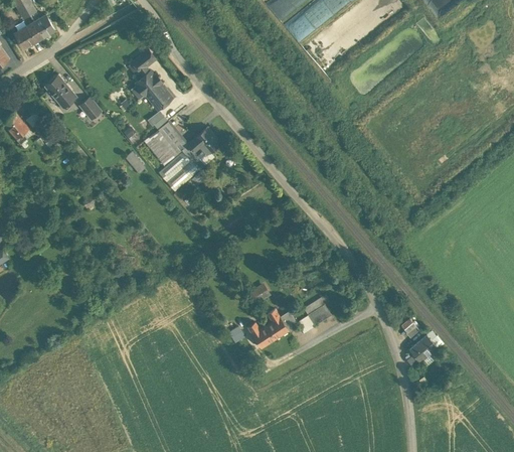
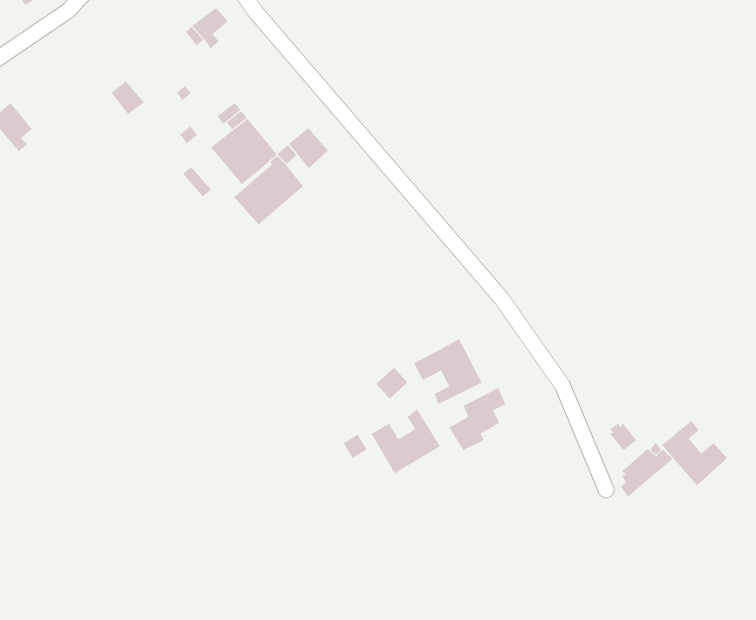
building: [136,70,172,109] -> none
building: [44,73,76,108] -> none
building: none -> [413,338,482,405]
building: none -> [661,420,728,486]

